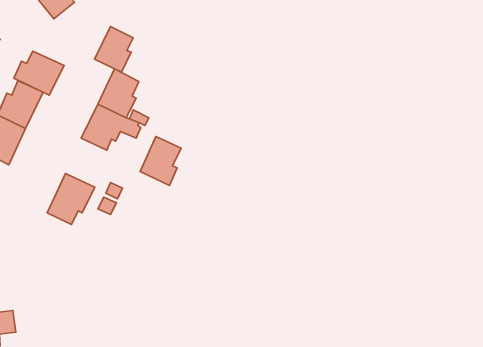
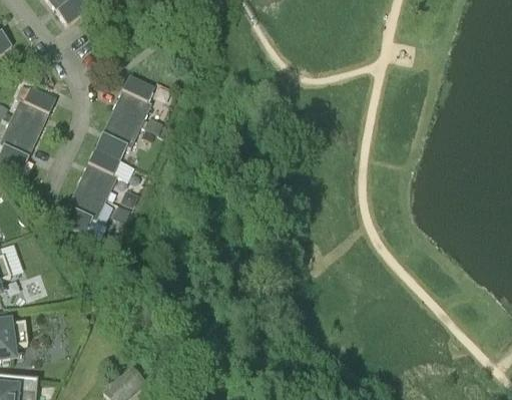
building: [95,26,133,72] -> none
building: [14,51,64,95] -> none
building: [140,136,181,185] -> [79,145,121,195]

